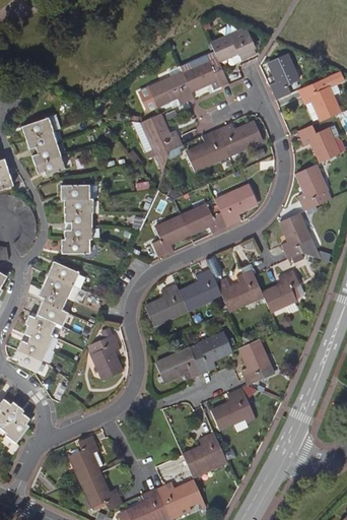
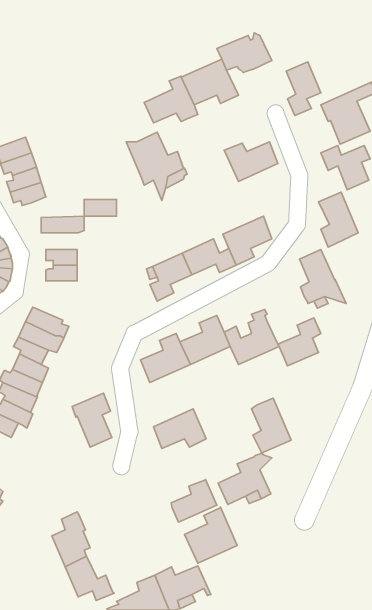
building: [186,128,228,170] -> none
building: [65,198,92,212] -> [84,199,116,216]
building: [61,239,88,253] -> none
building: [190,332,232,373] -> none
building: none -> [171,479,217,522]

